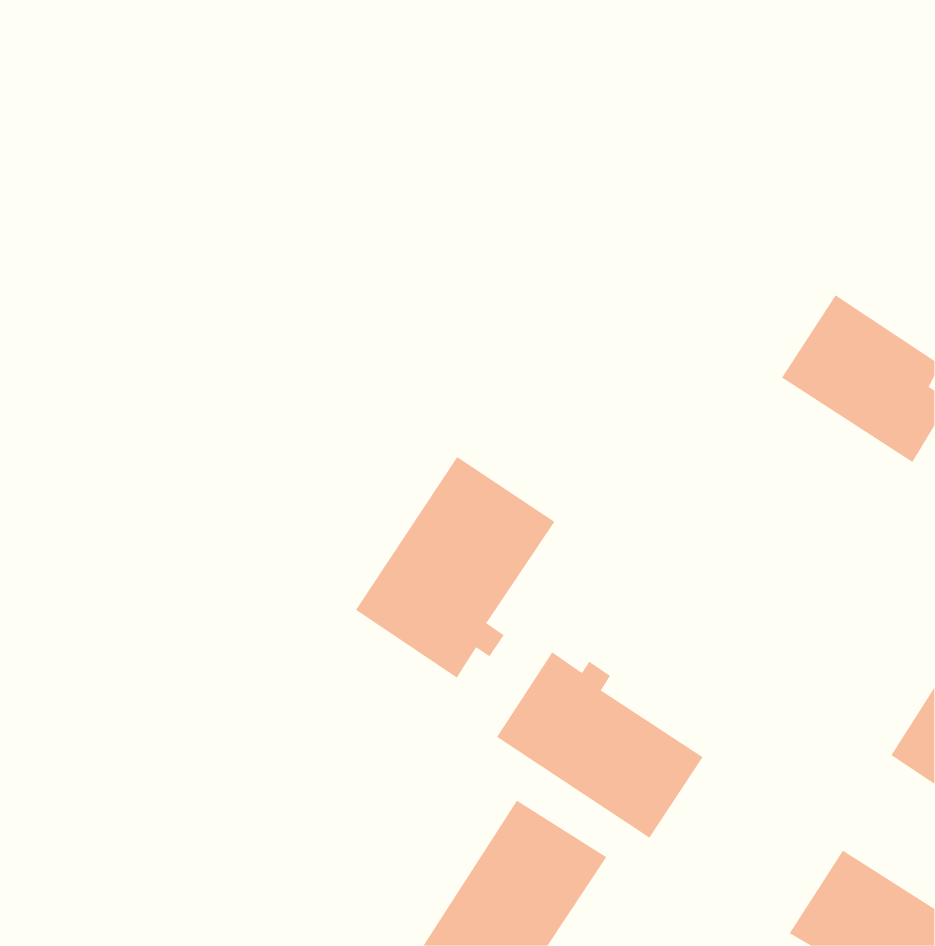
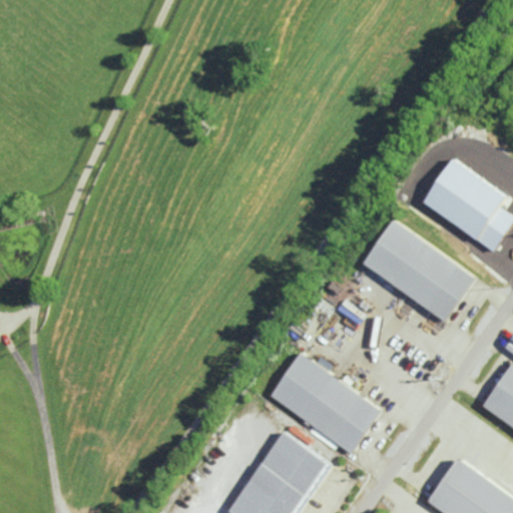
building: none -> [363,221,475,321]
building: [355,456,555,679] -> none

